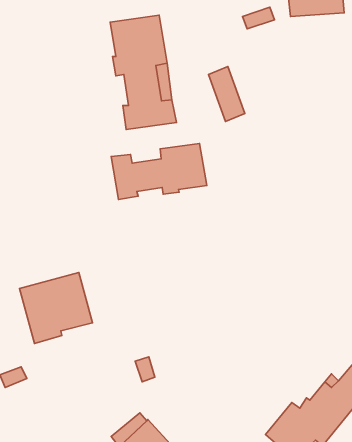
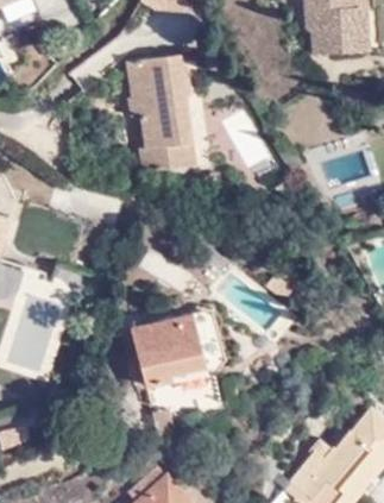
building: [111,143,207,199] -> none
building: [20,273,93,343] -> [131,312,207,385]

